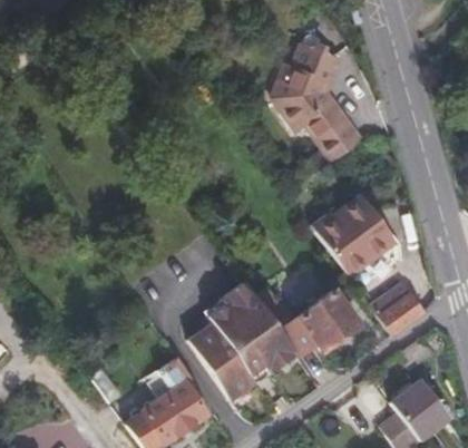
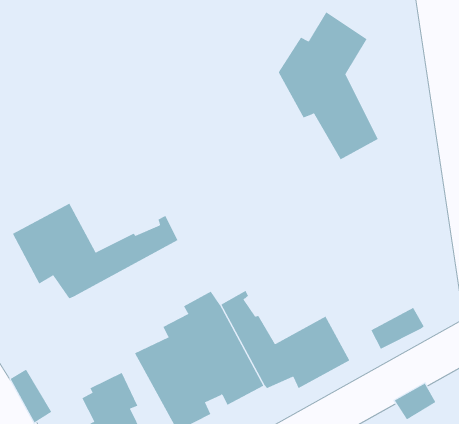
building: [314,197,388,271] -> none
building: none -> [12,203,178,299]
building: [380,291,428,335] -> none

